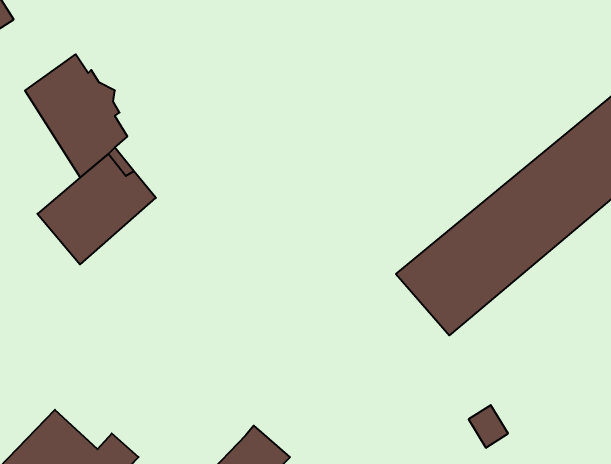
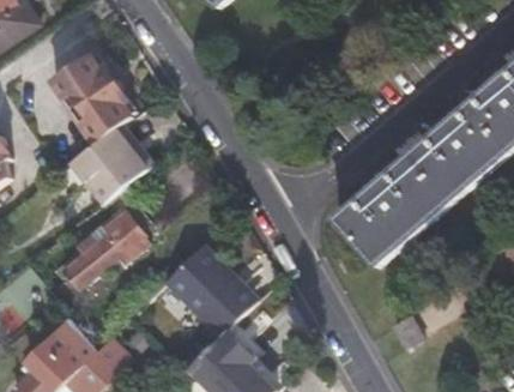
building: none -> [55,210,147,295]
building: none -> [161,252,246,342]

